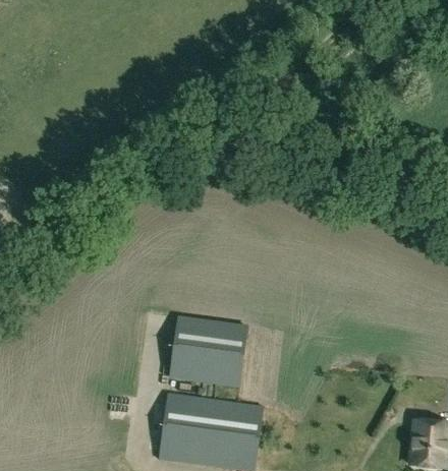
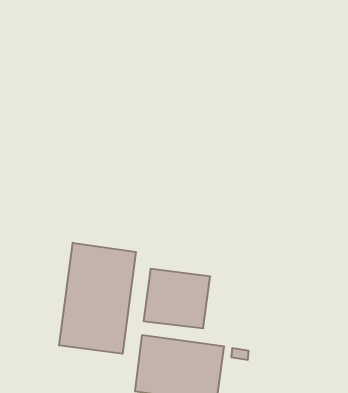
building: none -> [59,243,136,354]

